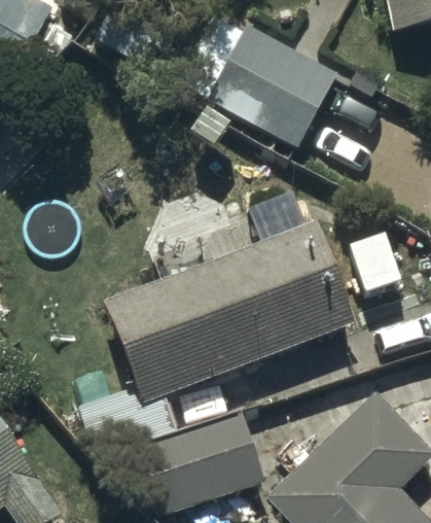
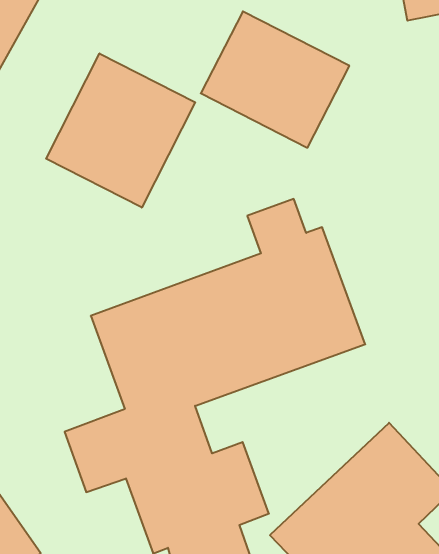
building: none -> [46,53,195,208]

